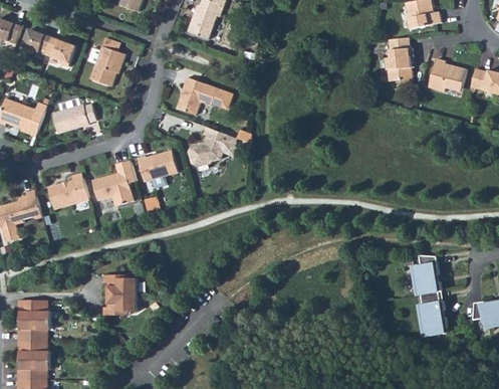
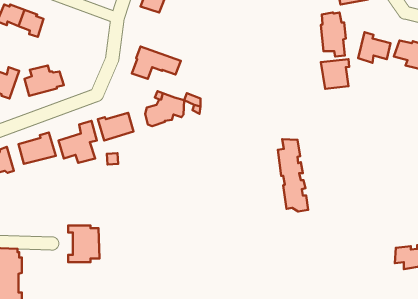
building: [87,45,126,86] -> none
building: none -> [321,59,349,89]
building: [411,254,445,336] -> [278,139,308,211]

